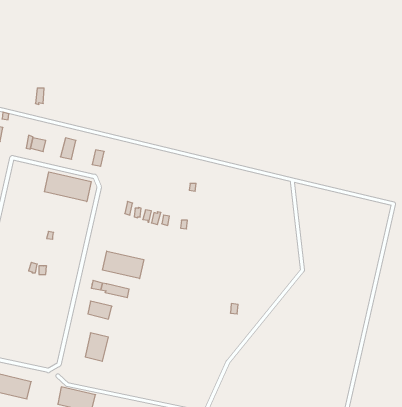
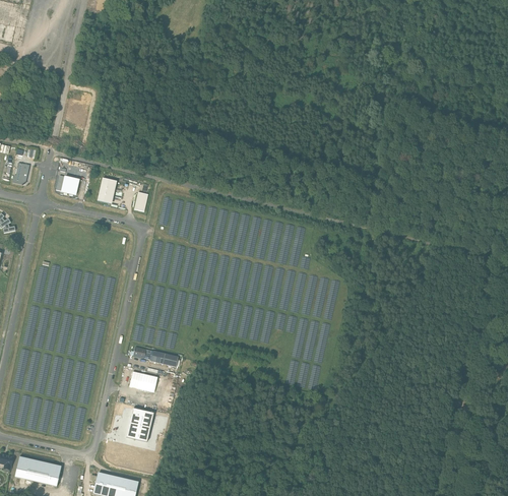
building: [44,172,91,202] -> none
building: [103,251,144,279] -> none

